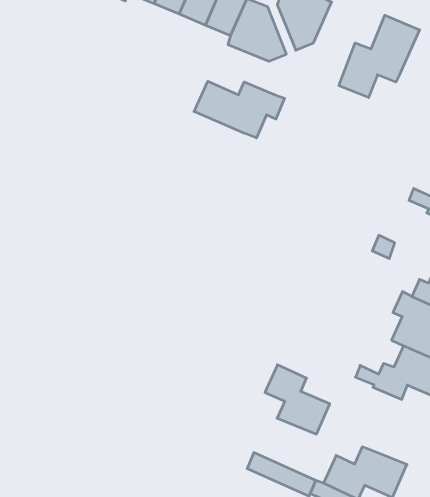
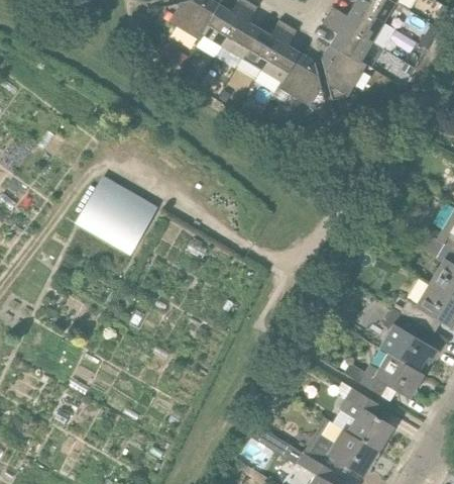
building: [339,15,420,98] -> none
building: [194,81,285,138] -> none
building: none -> [82,189,156,246]
building: [265,365,330,434] -> [341,389,392,450]

